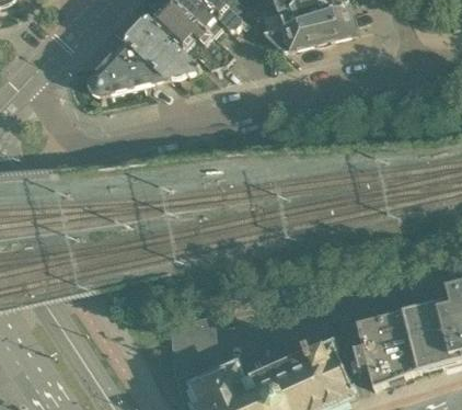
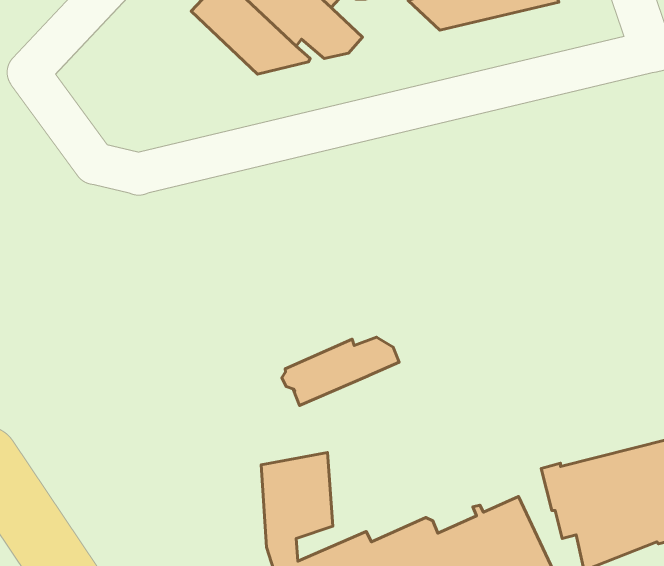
building: [89,36,168,92] -> none
building: none -> [282,337,399,405]

